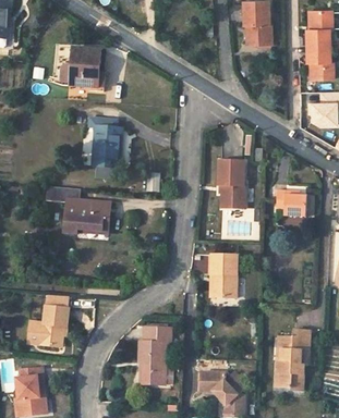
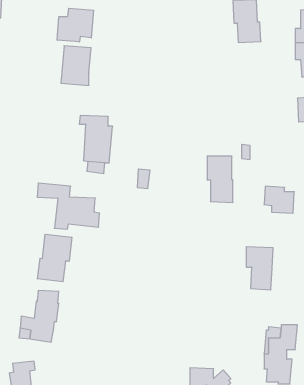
building: none -> [57,8,94,42]
building: none -> [38,234,72,282]
building: [209,254,237,297] -> [246,247,273,290]
building: [137,328,170,384] -> none

